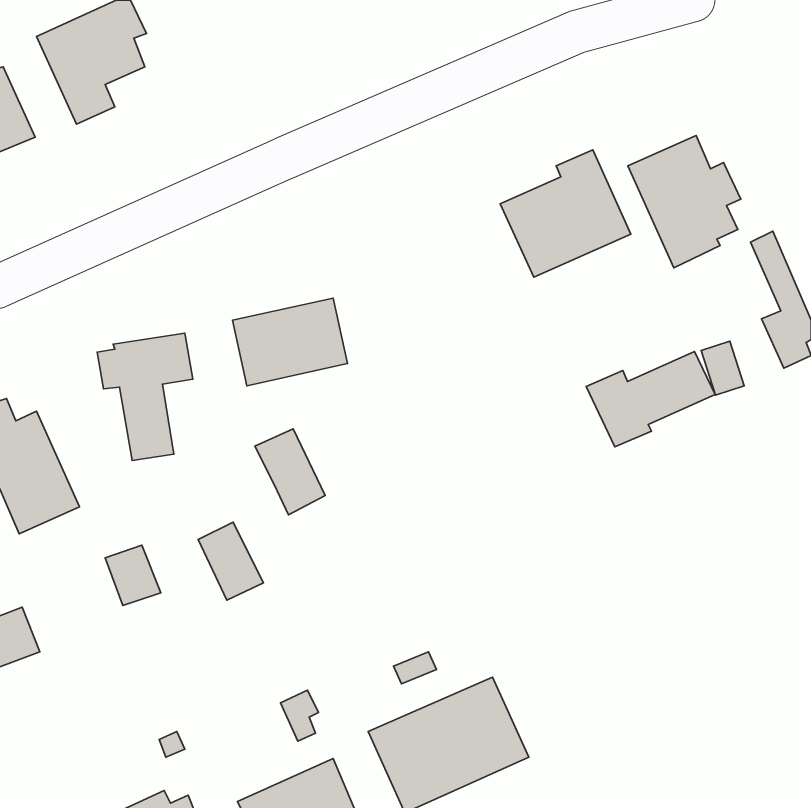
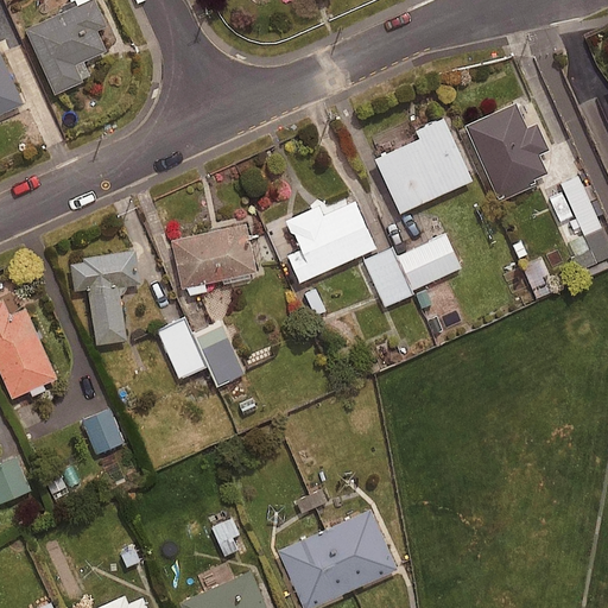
building: none -> [281,198,373,279]
building: [586,351,715,447] -> [362,235,458,306]
building: [198,522,263,600] -> [156,321,204,379]

